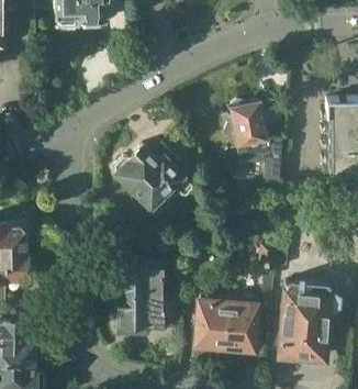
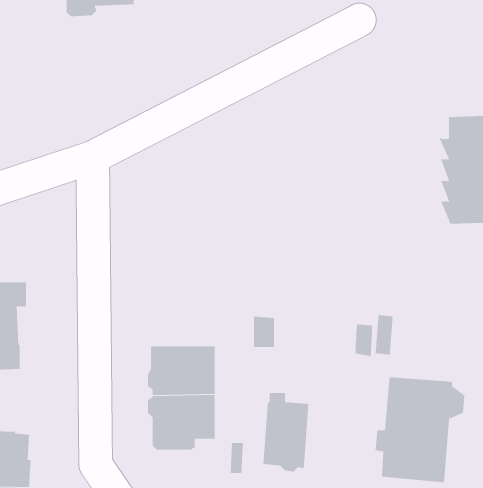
building: [225,101,284,189] -> none
building: [116,137,191,208] -> none
building: [226,296,257,352] -> none

